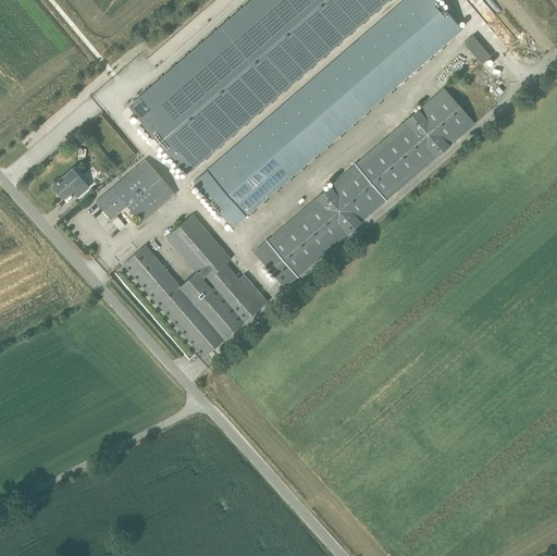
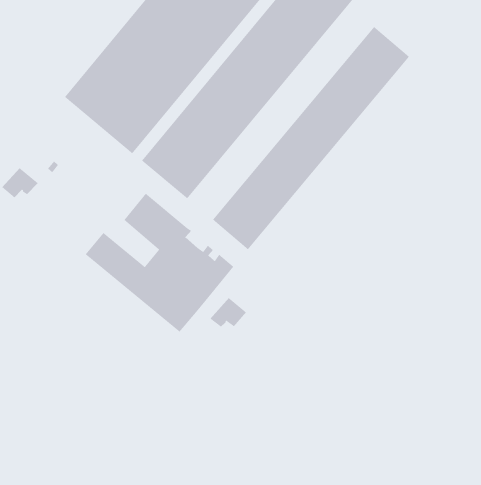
building: [96,159,175,221] -> none
building: none -> [210,297,247,328]

